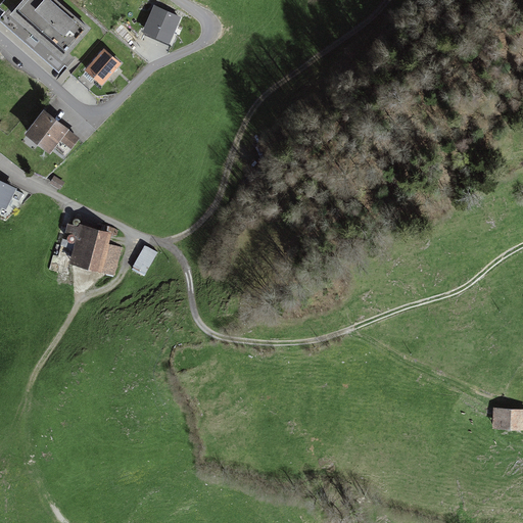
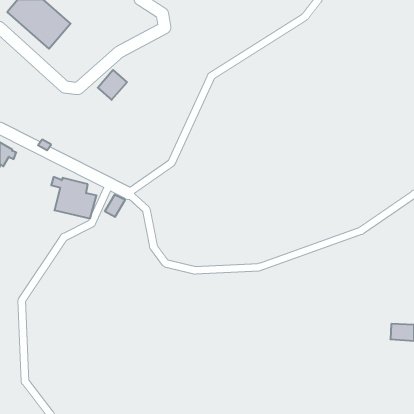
building: [141,5,180,44] -> none
building: [84,48,121,86] -> [98,70,127,100]
building: [23,110,79,154] -> none

